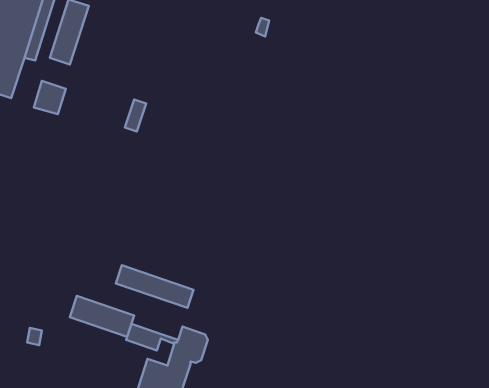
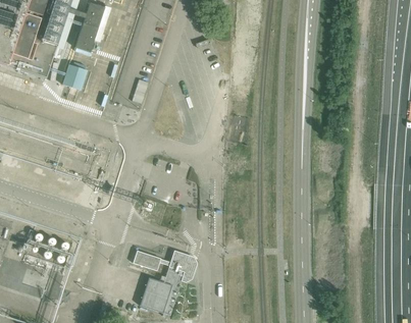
building: [116,265,194,308] -> none
building: [70,296,134,337] -> none

